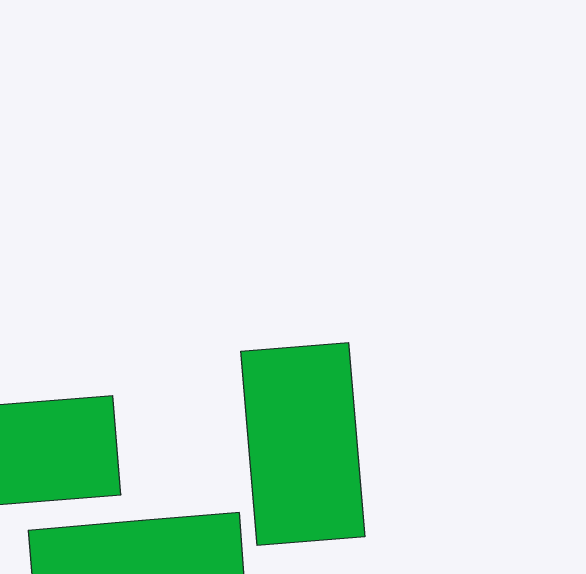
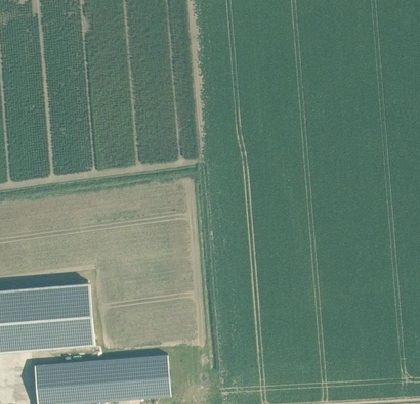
building: [241,343,365,545] -> none

